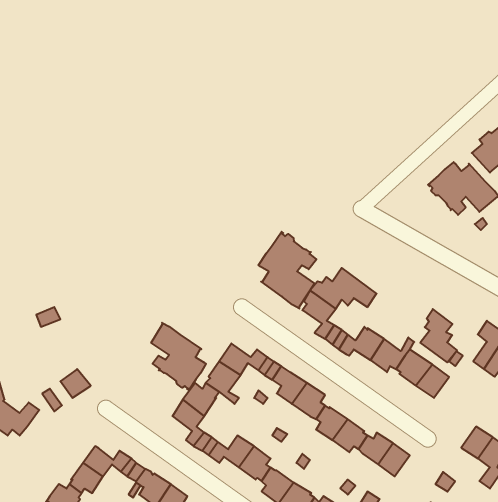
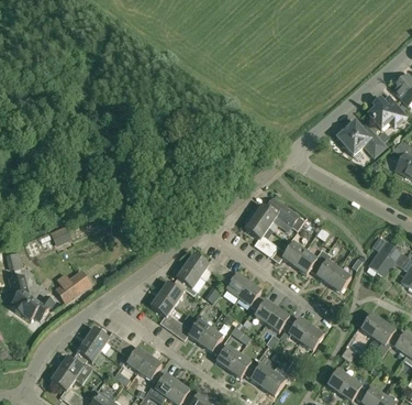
building: [258,232,316,309] -> none
building: [420,309,457,362] -> none
building: [151,323,206,390] -> none

